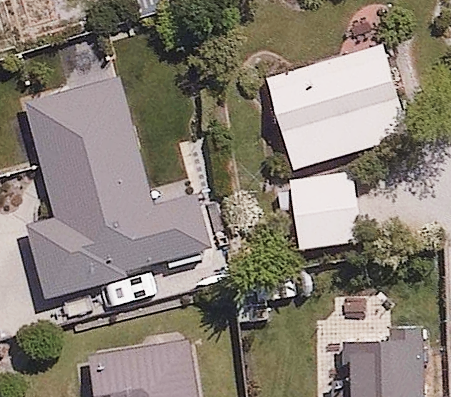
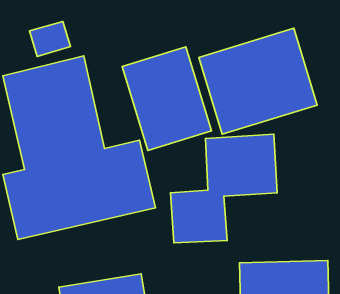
building: none -> [122,47,211,151]

